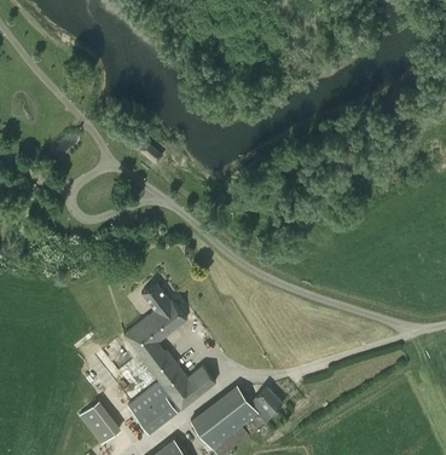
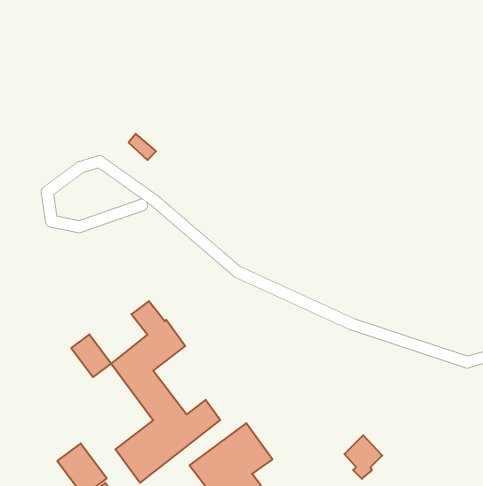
building: none -> [71,334,111,377]
building: [250,385,282,421] -> [344,435,382,479]

